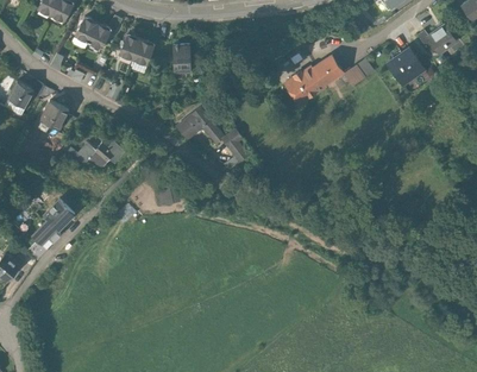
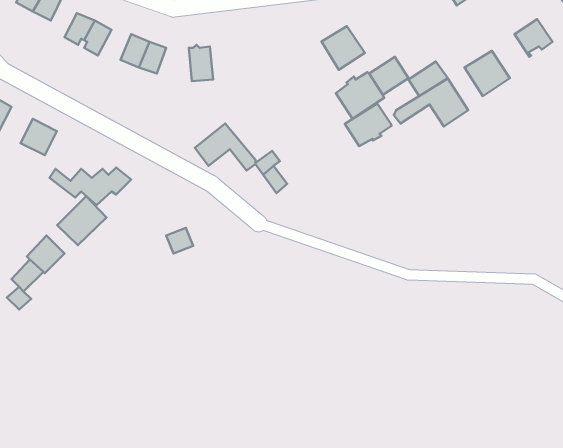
building: none -> [321,26,365,70]
building: none -> [394,79,468,127]
building: none -> [345,103,392,146]
building: none -> [57,196,106,245]

